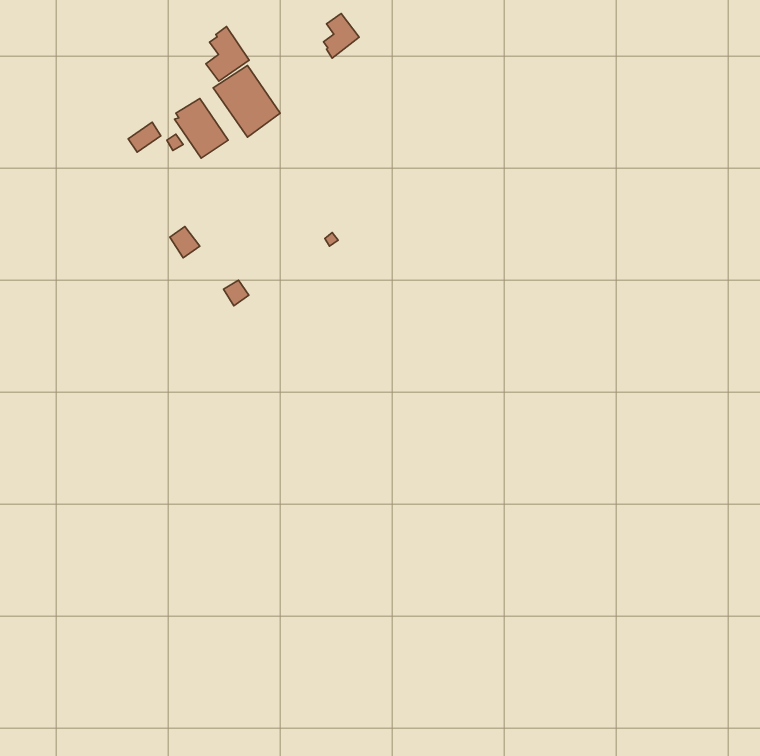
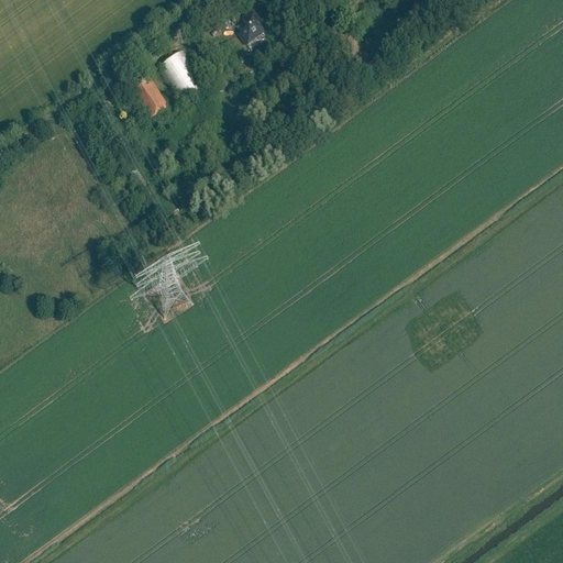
building: [206,26,249,81] -> none

